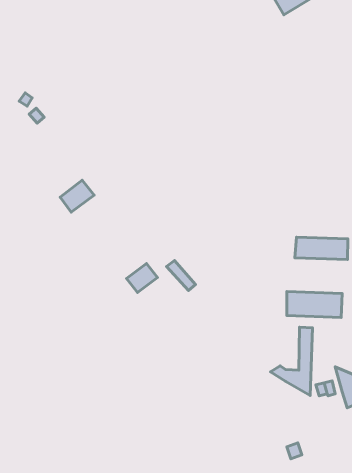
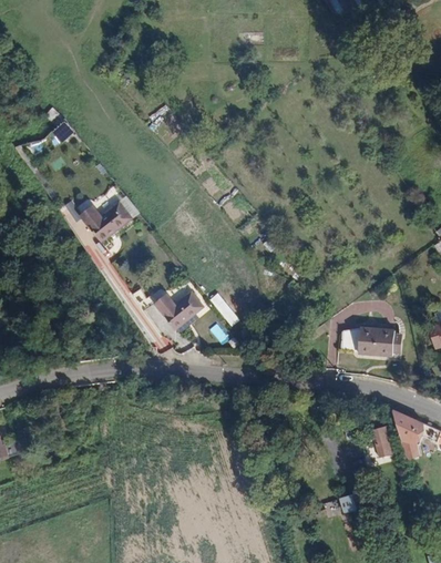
building: [295,237,348,260] -> none
building: [271,327,313,396] -> none

